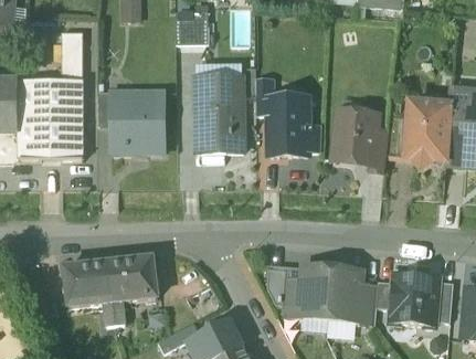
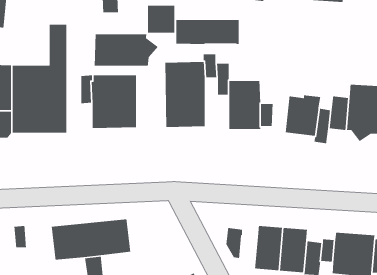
building: none -> [176,19,240,45]
building: none -> [94,33,159,66]
building: [282,277,303,318] -> none

